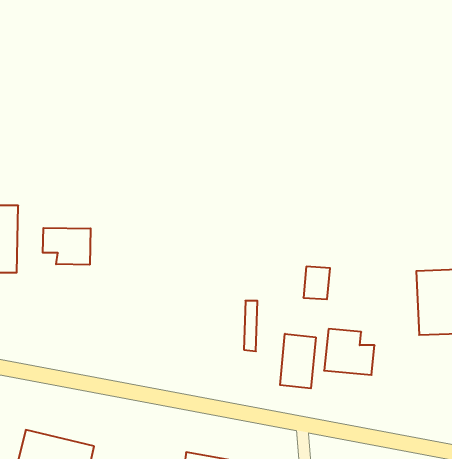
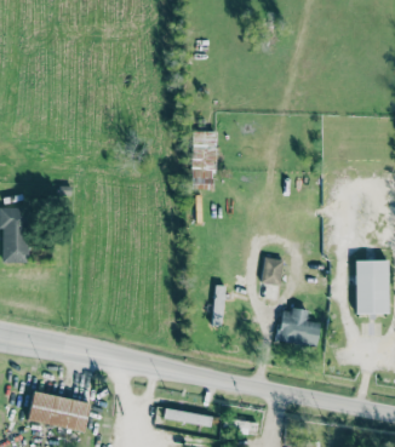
building: none -> [191,131,217,190]
building: [43,228,91,265] -> none
building: [280,334,316,388] -> none

